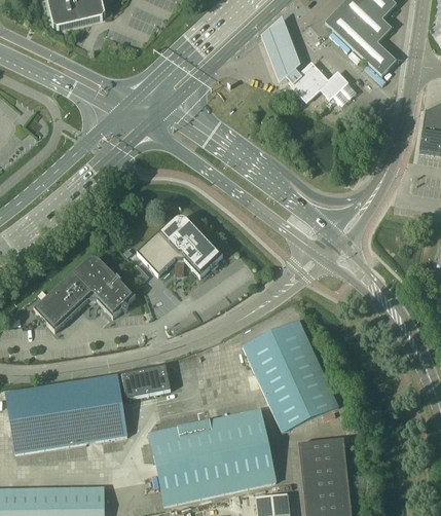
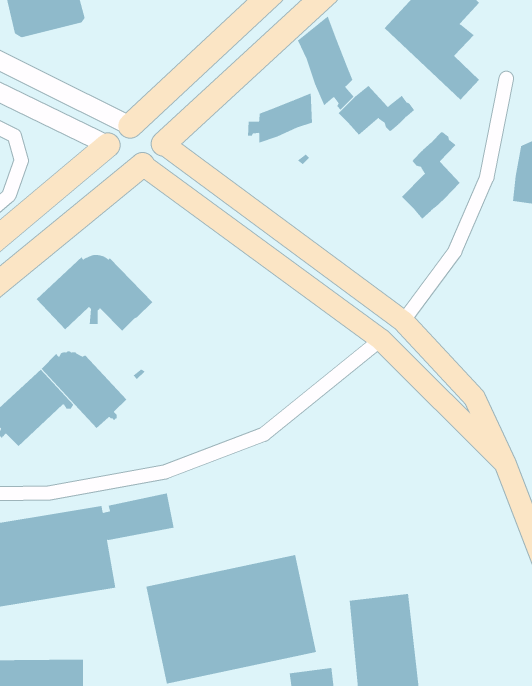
building: none -> [247,93,313,144]
building: none -> [401,132,460,219]
building: [137,220,223,277] -> [36,255,153,331]
building: [243,322,338,433] -> none

